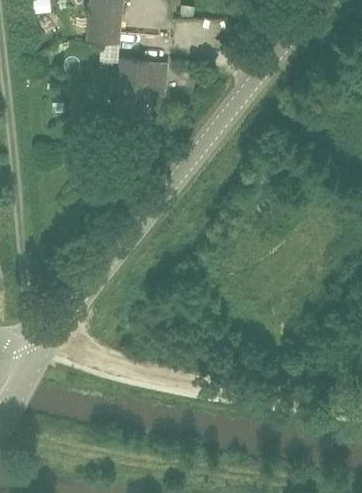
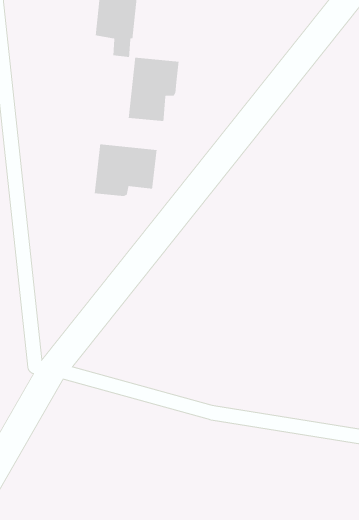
building: none -> [94,144,158,197]

